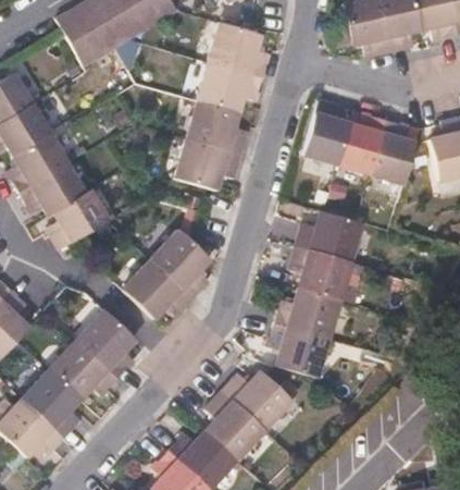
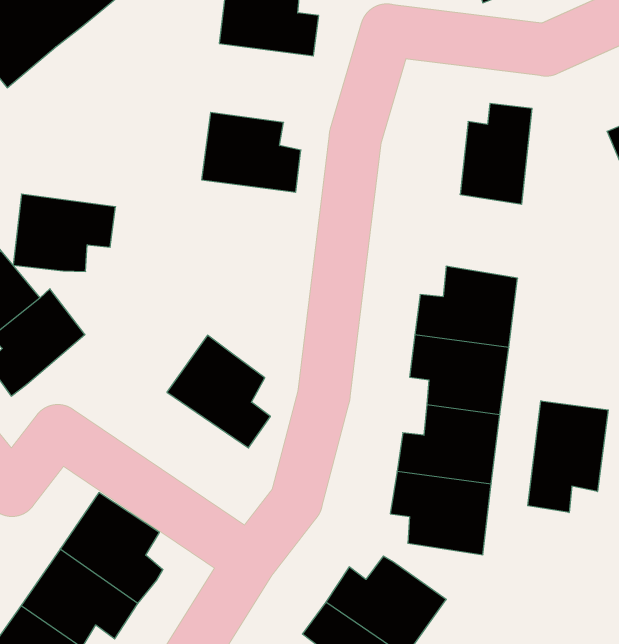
building: [200,58,264,109] -> none
building: [302,103,348,166] -> none
building: [372,122,415,186] -> none
building: [178,135,243,185] -> [13,194,116,271]
building: [122,255,194,315] -> none
building: none -> [528,401,608,513]

